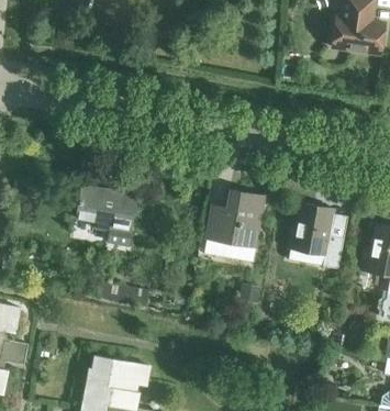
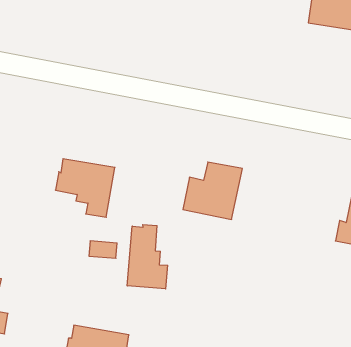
building: [290,203,343,268] -> none
building: none -> [127,225,168,289]

